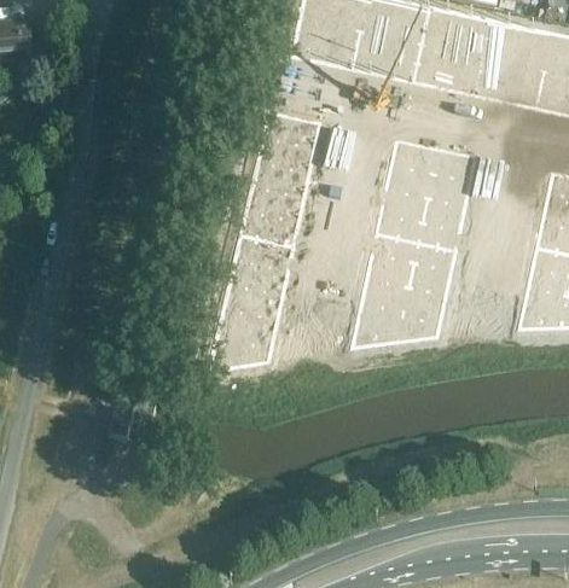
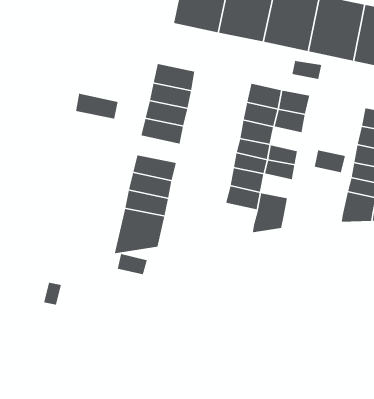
building: none -> [292,60,322,80]
building: [423,197,466,229] -> [314,149,346,173]
building: [240,209,300,245] -> [75,93,118,119]
building: [410,261,453,293] -> none
building: [352,301,405,348] -> none
building: none -> [117,253,148,275]

